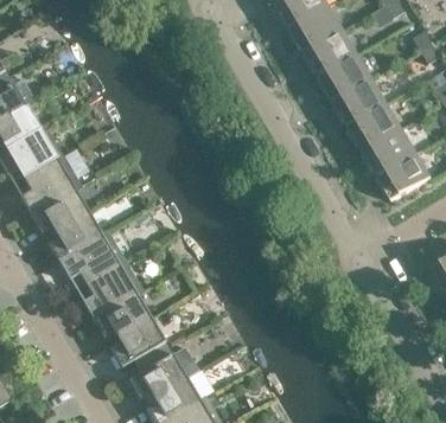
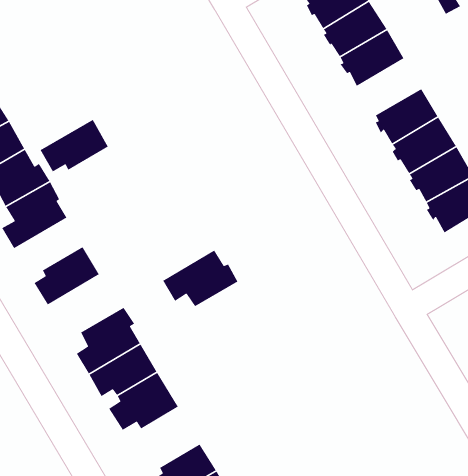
building: [318,53,372,101] -> none
building: [30,187,88,232] -> [40,119,109,172]
building: [58,235,122,283] -> [162,249,238,307]
building: [128,346,186,398] -> none

